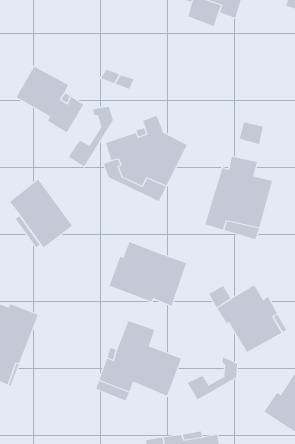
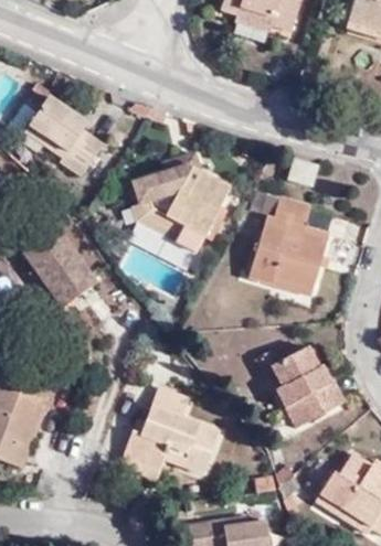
building: [68,106,113,167] -> none
building: [109,241,187,306] -> none
building: [187,357,237,400] -> none

